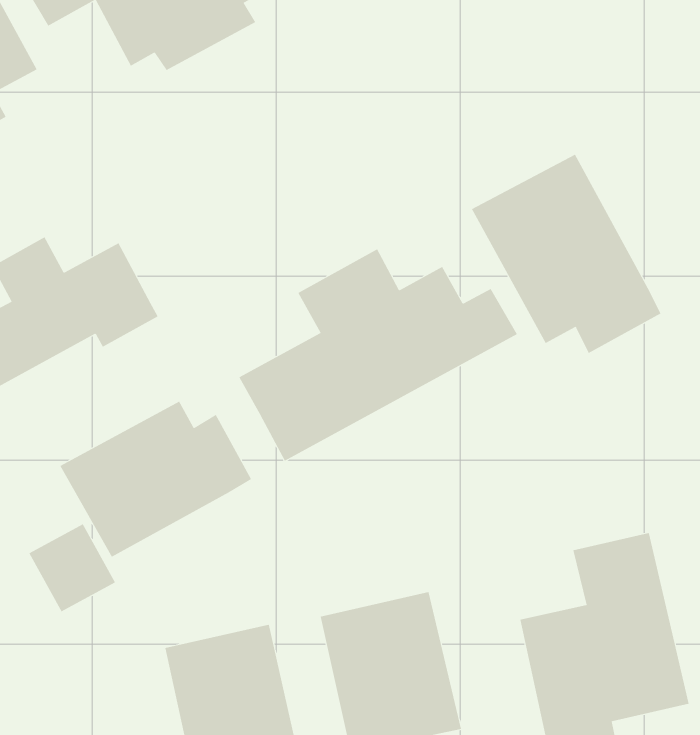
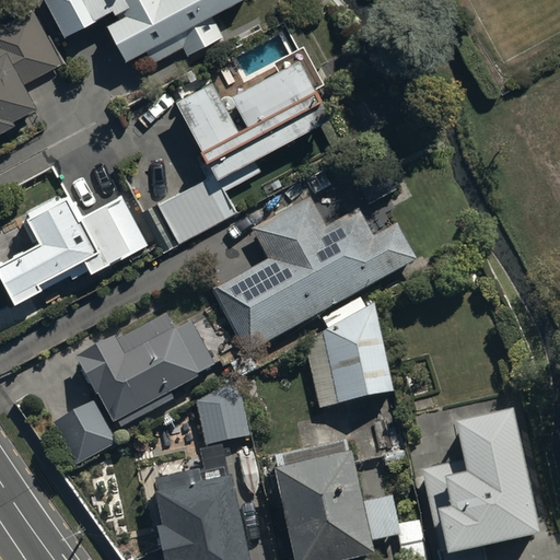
building: none -> [153,45,335,247]
building: [471,154,661,354] -> none
building: none -> [306,312,394,410]
building: none -> [197,390,250,447]

